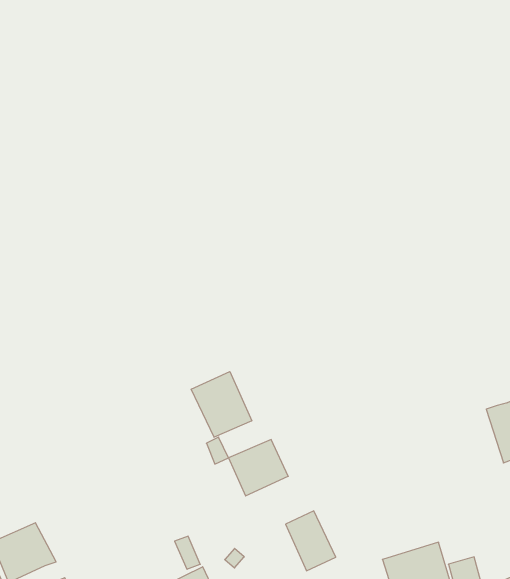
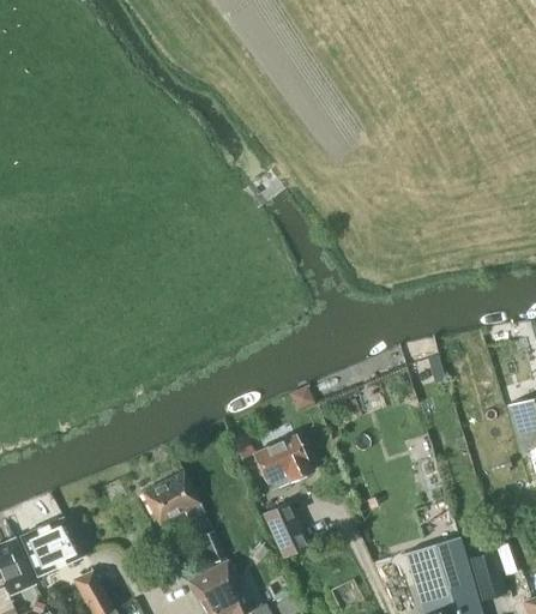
building: [191,372,252,437] -> none
building: none -> [143,472,205,524]
building: [286,511,336,571] -> [261,500,311,559]

